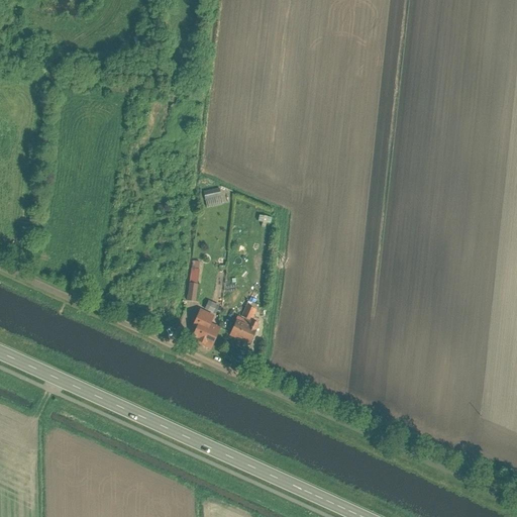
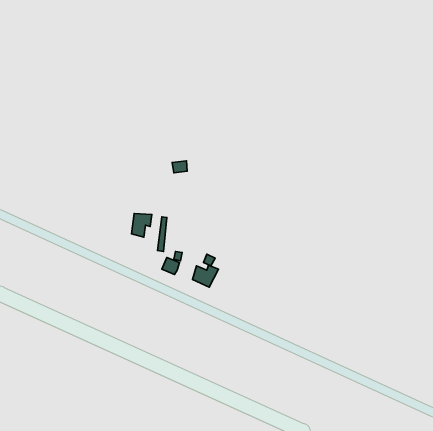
building: none -> [132,214,152,237]
building: [190,322,221,348] -> none

